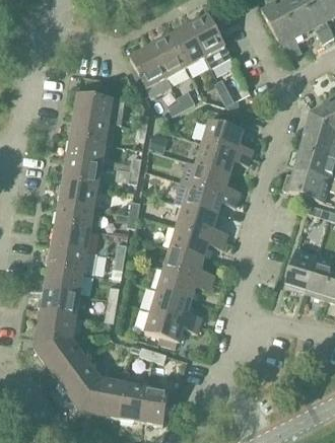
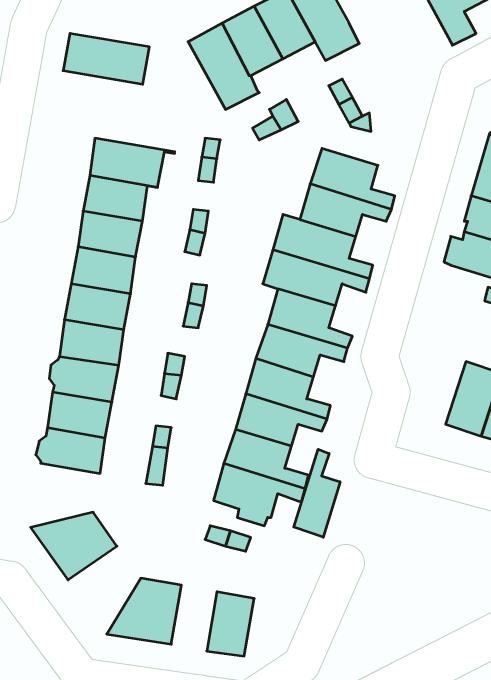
building: [73,92,125,123] -> [63,33,149,84]
building: none -> [294,449,340,537]
building: [35,309,76,348] -> none
building: [57,359,100,412] -> none
building: [119,382,146,422] -> none

